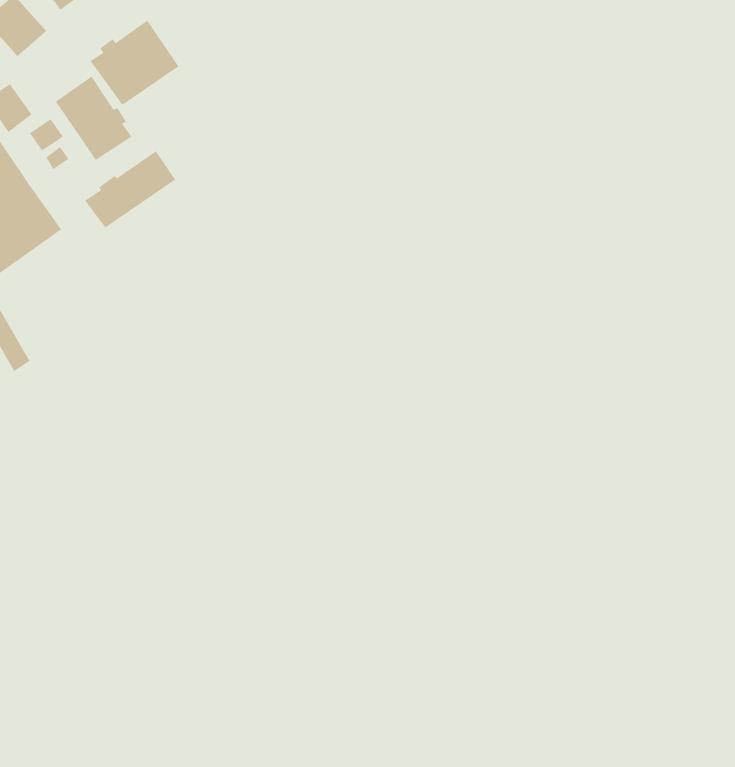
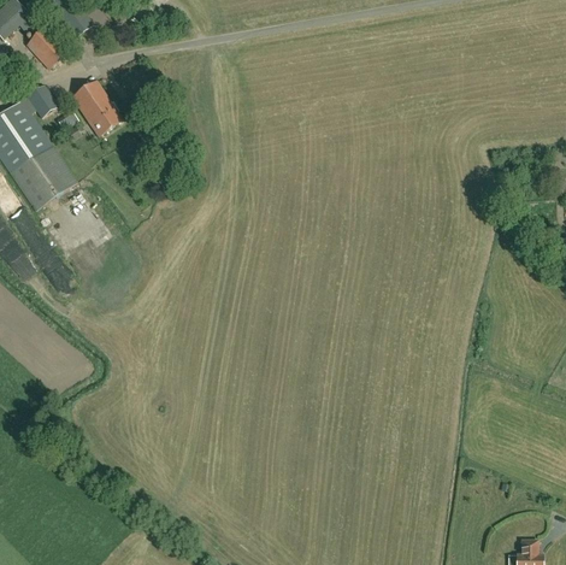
building: [90,19,179,106] -> none
building: [84,150,176,229] -> none

